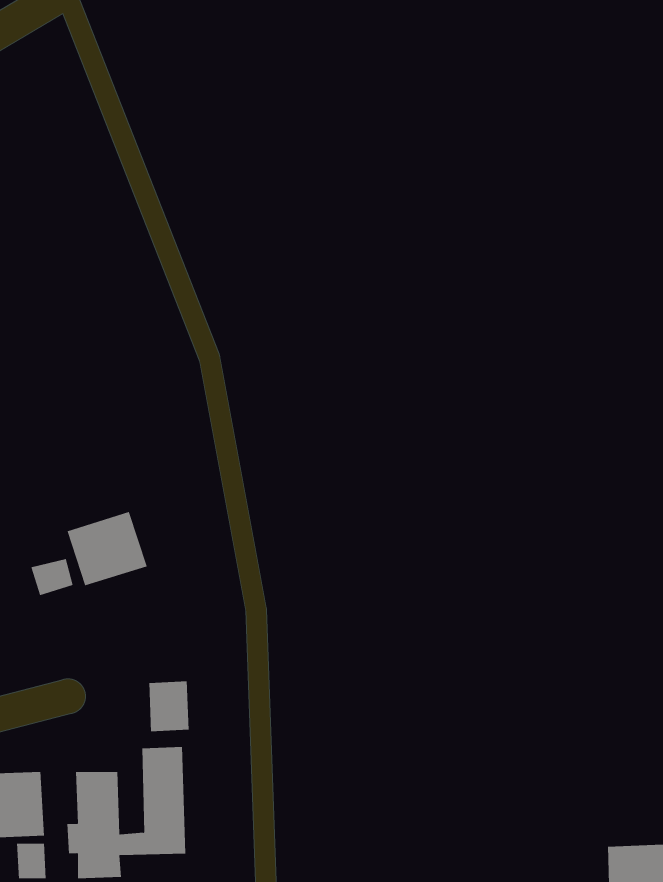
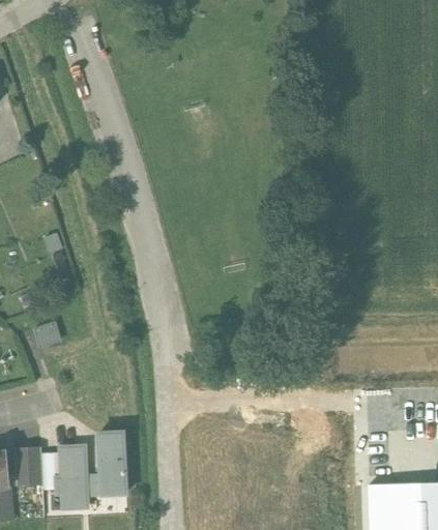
building: [67,511,147,586] -> none
building: [149,680,189,732] -> none

